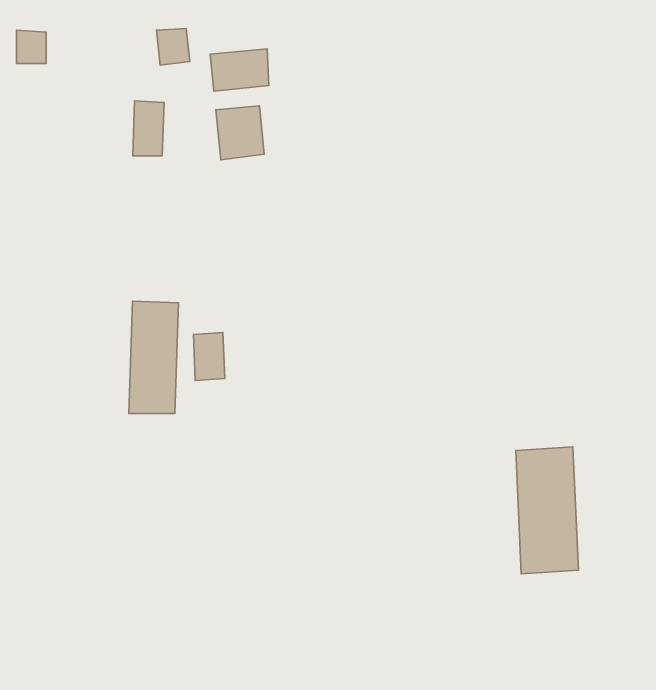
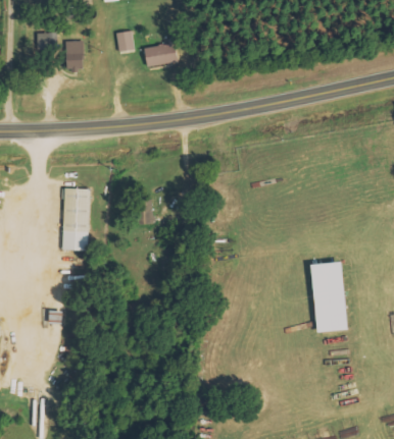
building: [133,101,164,156] -> [65,40,83,70]
building: [216,106,264,160] -> none
building: [129,301,178,413] -> [61,187,89,250]

